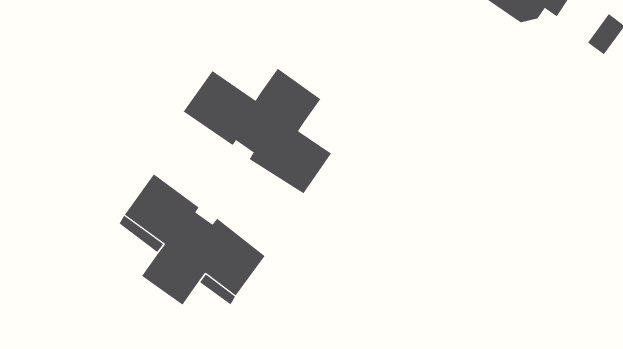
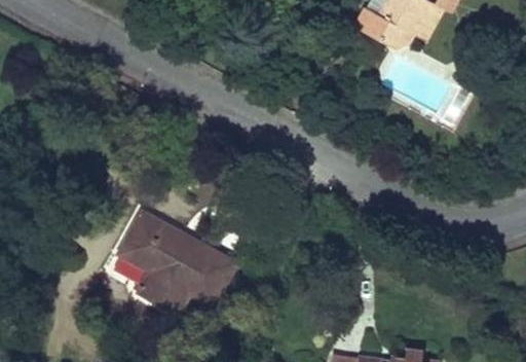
building: [183,68,332,194] -> none

